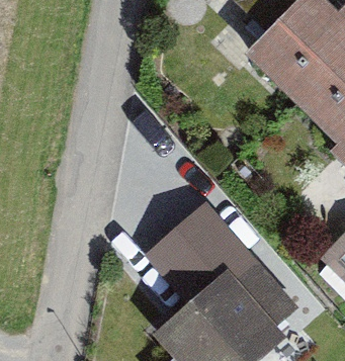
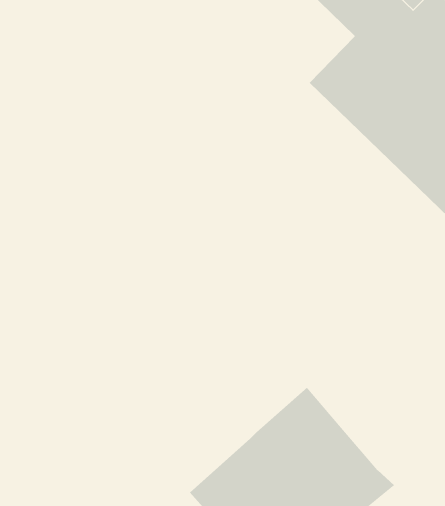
building: [155,194,305,320] -> none

